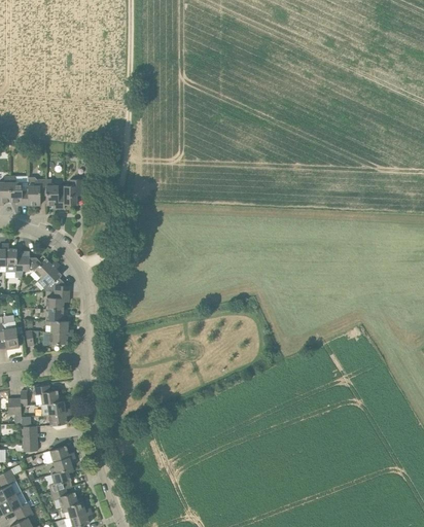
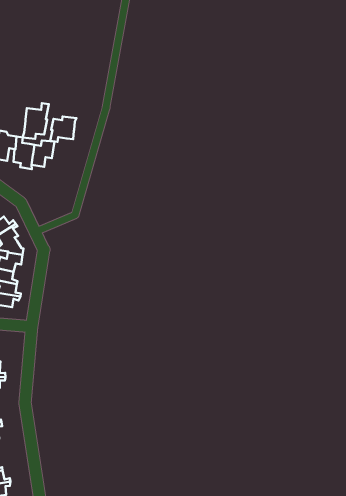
building: none -> [22,103,49,139]
building: none -> [50,116,76,142]

